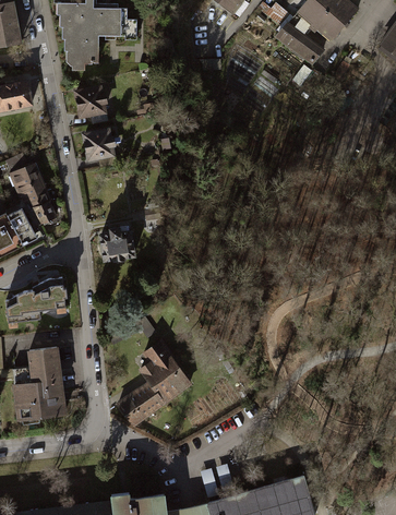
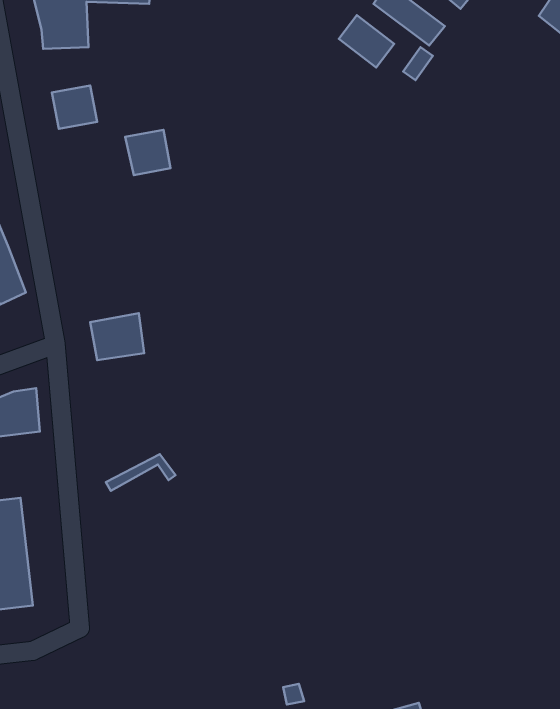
building: none -> [339,15,394,67]
building: [83,130,111,158] -> [125,130,170,175]
building: [118,340,190,423] -> none

